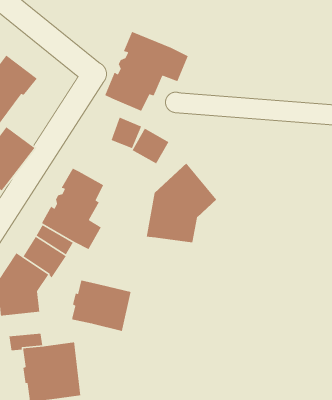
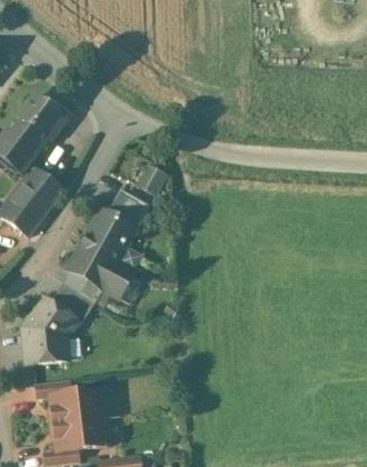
building: [104,31,189,112] -> none
building: [132,128,170,165] -> [107,190,146,228]
building: [146,162,217,243] -> none
building: [71,280,132,332] -> none

